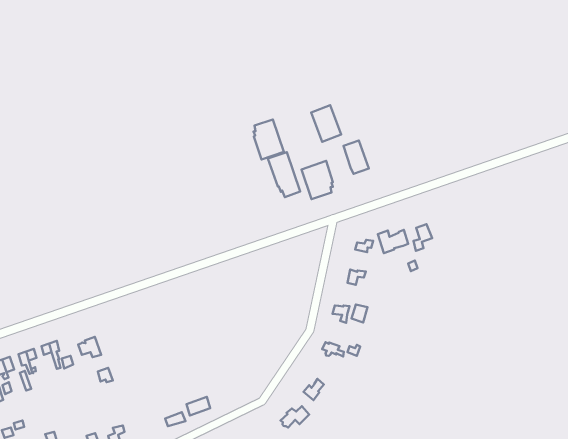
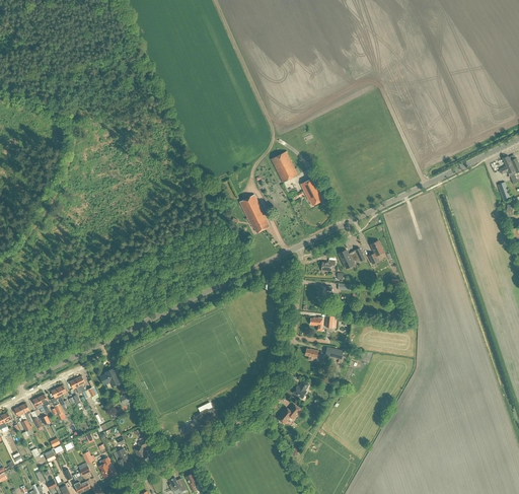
building: [254,119,284,160] -> none
building: [302,161,333,199] -> none

